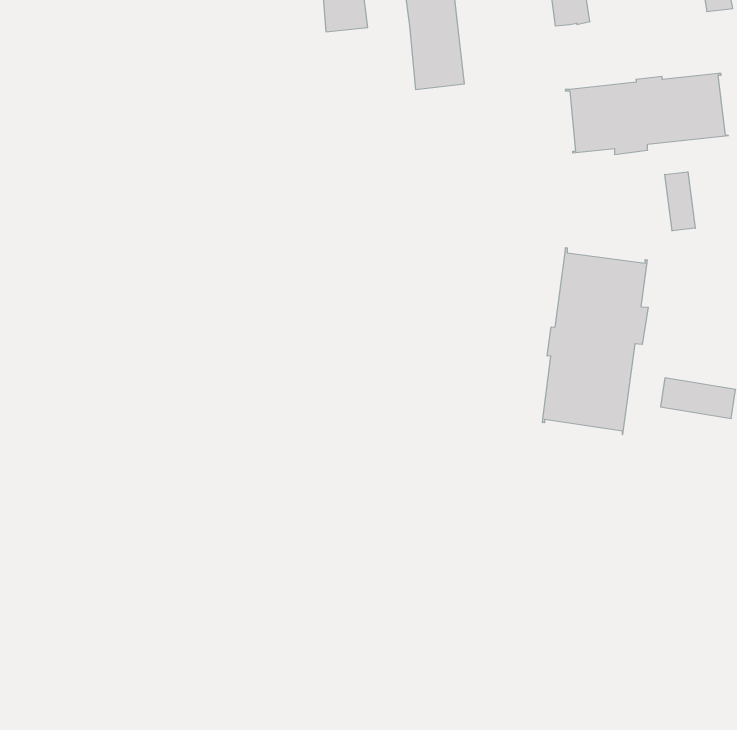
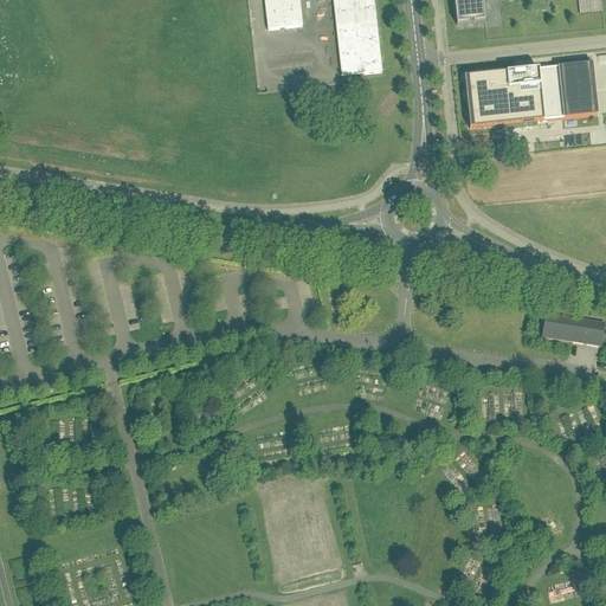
building: [665,172,695,231] -> none
building: [543,248,648,435] -> none

